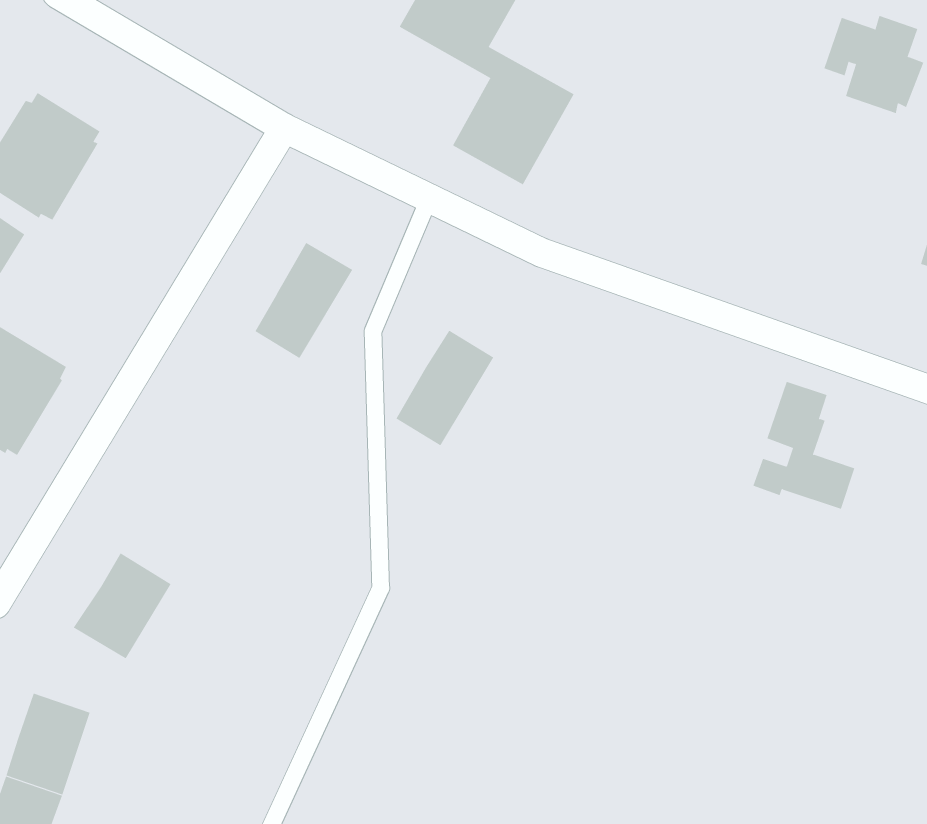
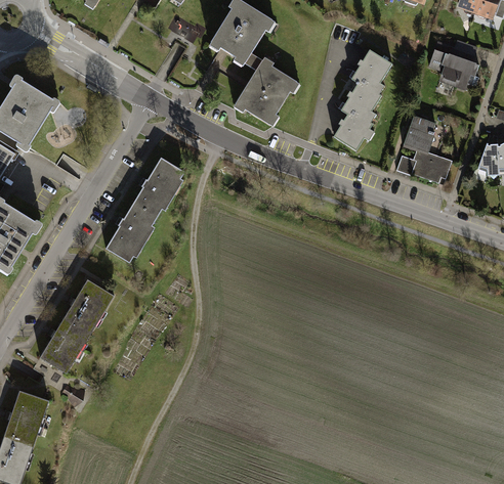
building: none -> [334,50,391,150]
building: [395,330,494,446] -> [106,203,157,263]
building: [753,381,855,510] -> [396,116,450,182]
building: none -> [64,278,114,334]

